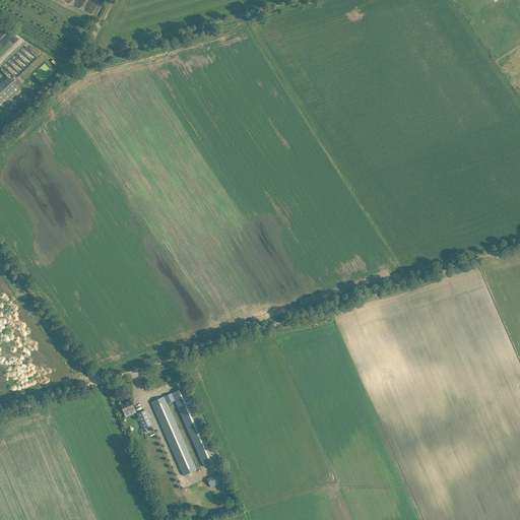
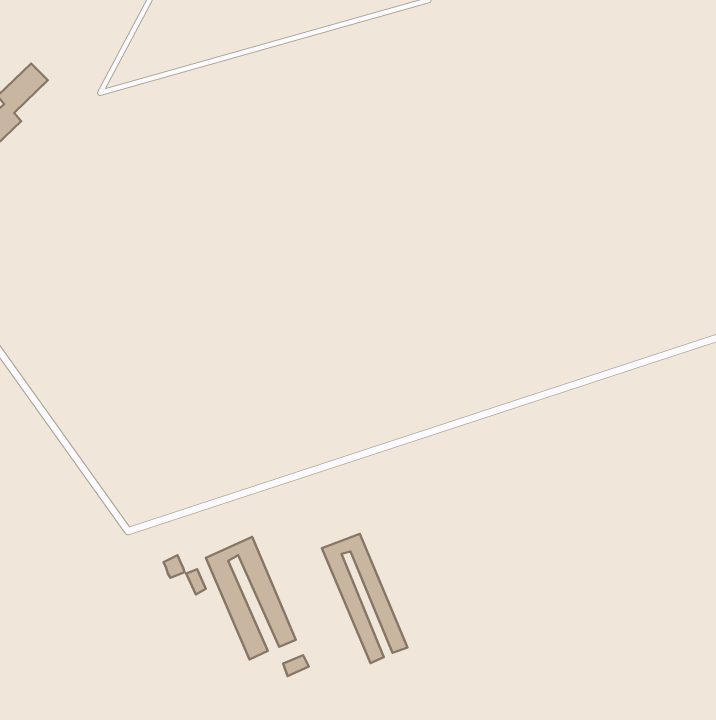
building: none -> [322,534,408,663]

